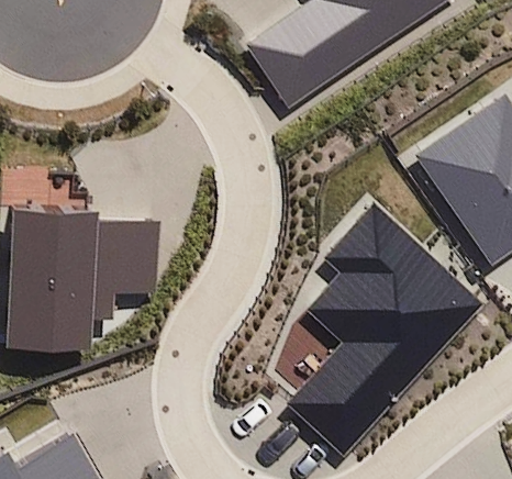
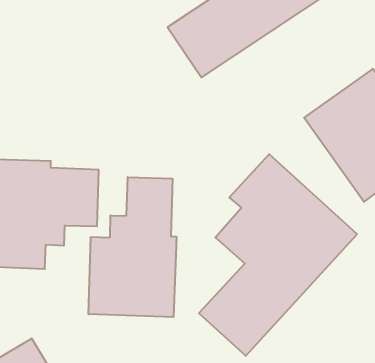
building: none -> [89,177,176,317]

